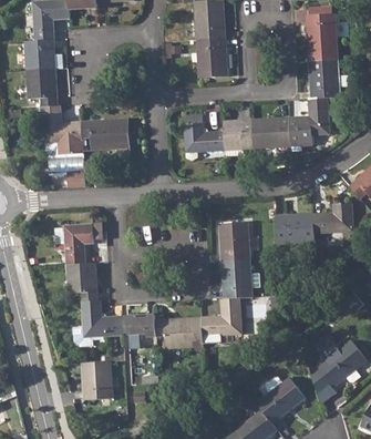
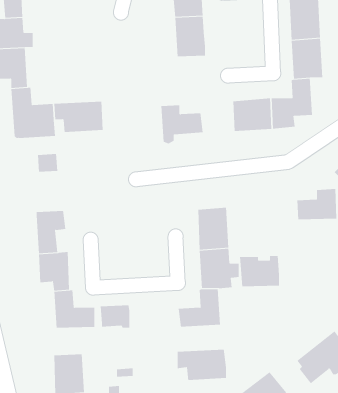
building: [223,120,254,150] -> none
building: [276,214,315,244] -> [239,255,280,287]
building: [155,317,203,347] -> [177,349,227,380]

